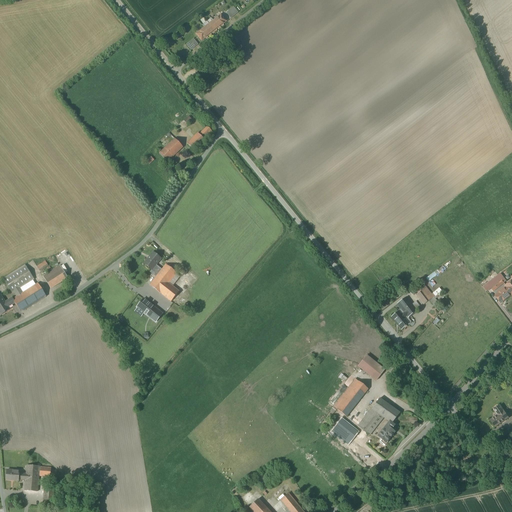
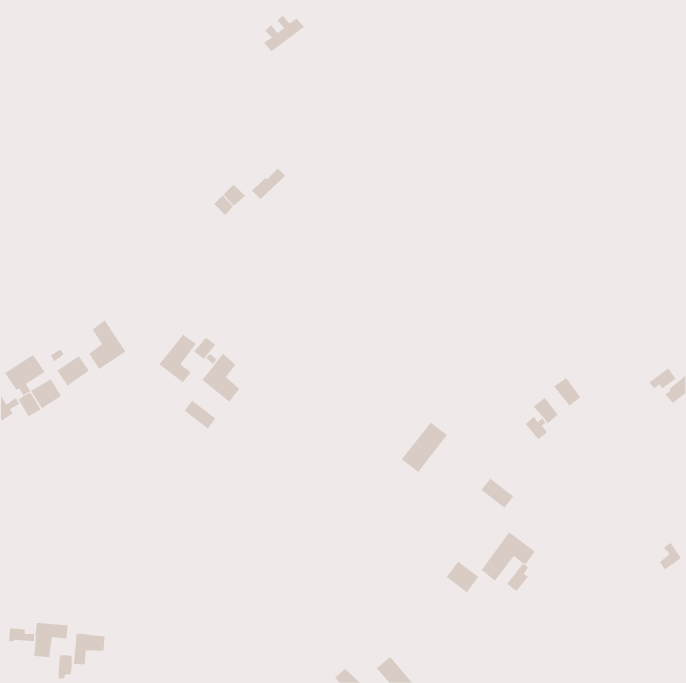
building: none -> [88,319,126,370]
building: none -> [158,334,196,383]
building: [333,377,368,415] -> [401,422,448,473]
building: none -> [73,633,105,665]

